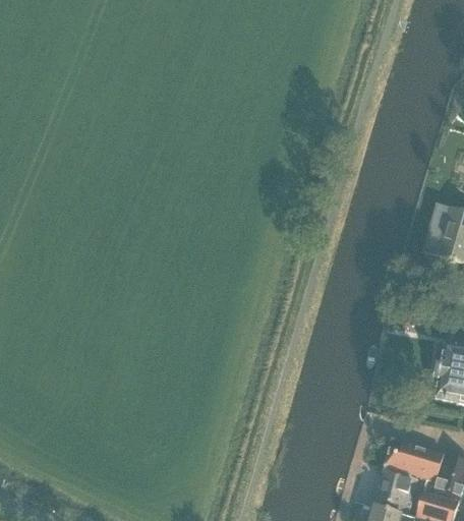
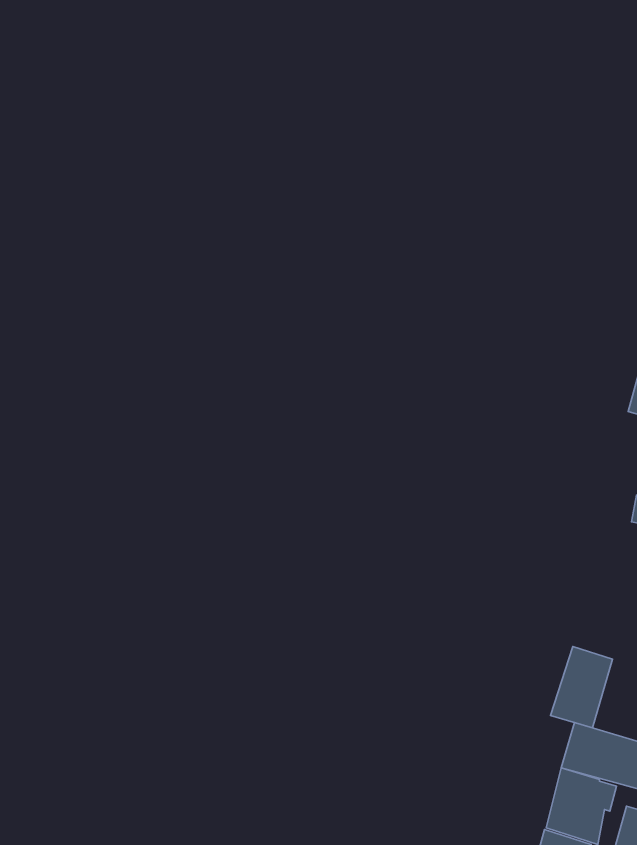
building: none -> [551,646,613,728]

